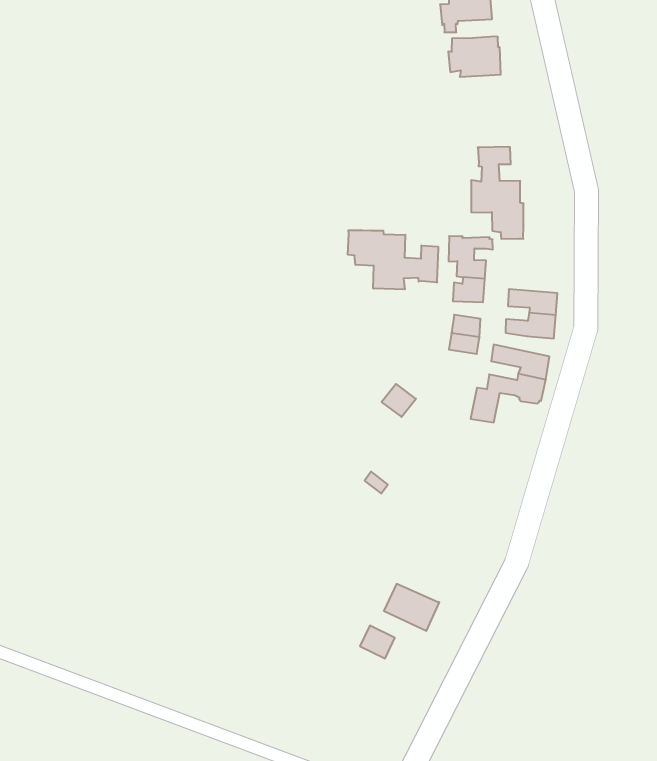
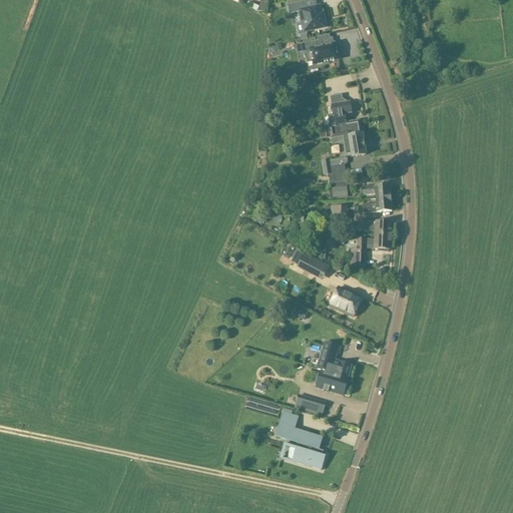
building: [348,230,438,289] -> none
building: none -> [330,286,362,315]
building: none -> [318,341,352,376]
building: none -> [276,422,326,468]

